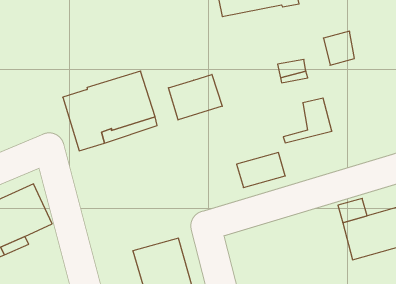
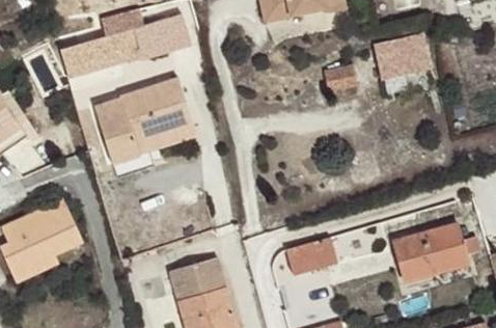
building: none -> [60,9,191,77]
building: [168,74,222,120] -> none
building: [283,98,332,143] -> [380,31,432,79]
building: [237,153,285,188] -> [285,238,337,275]

